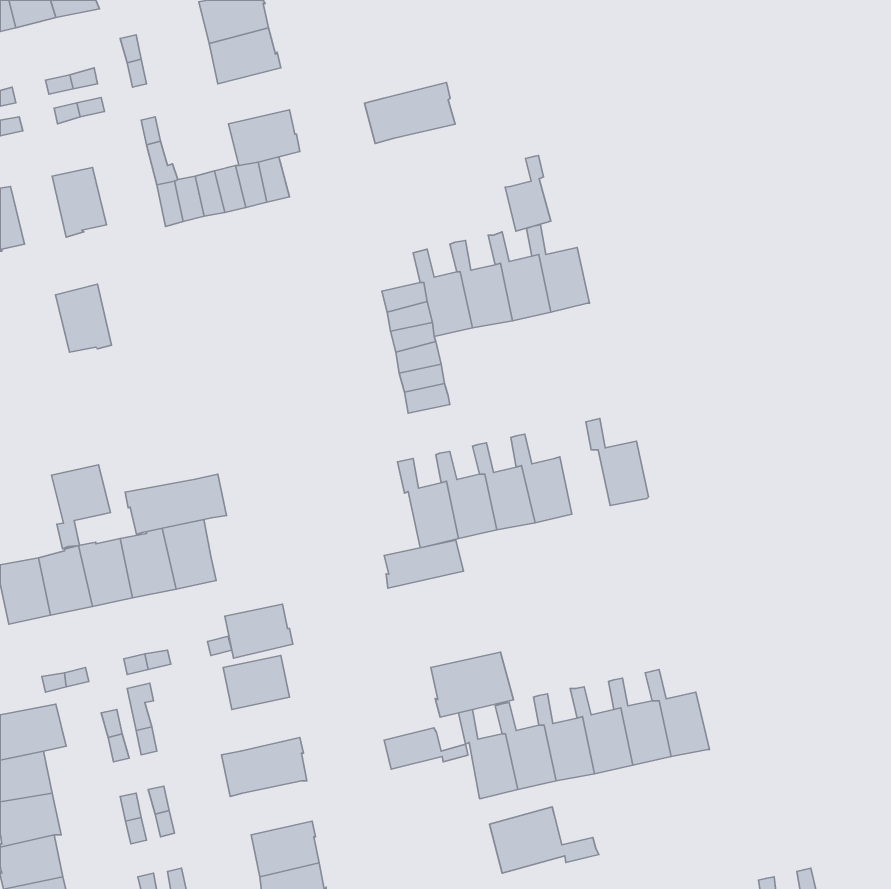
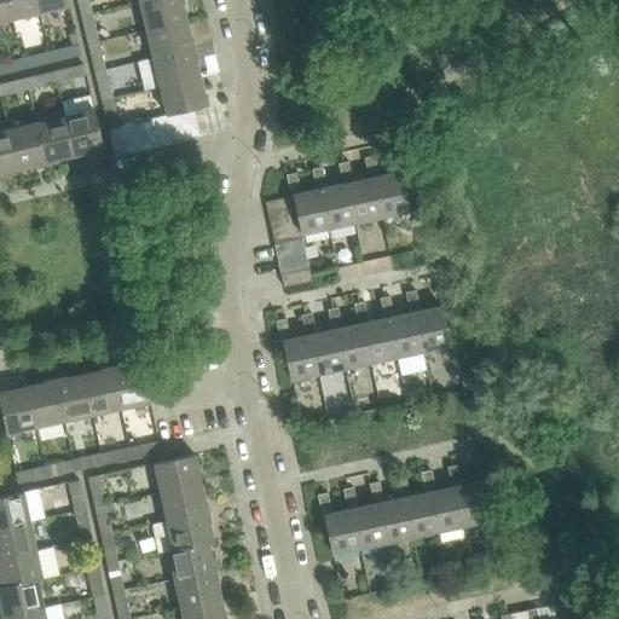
building: [365,82,455,143] -> [138,48,201,91]
building: none -> [64,109,104,157]
building: [505,155,551,231] -> none
building: [56,284,111,352] -> [7,123,46,170]
building: none -> [380,297,423,358]
building: [52,465,110,549] -> none
building: [125,474,226,535] -> none
building: [384,540,463,588] -> none
building: [225,604,293,658] -> [161,485,208,522]
building: [431,652,513,717] -> none
building: [384,728,468,769] -> none
building: none -> [168,543,216,580]
building: [490,807,599,873] -> none

